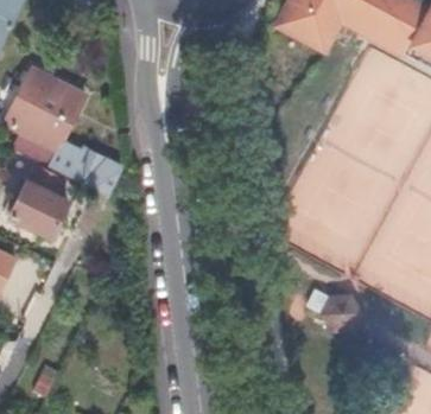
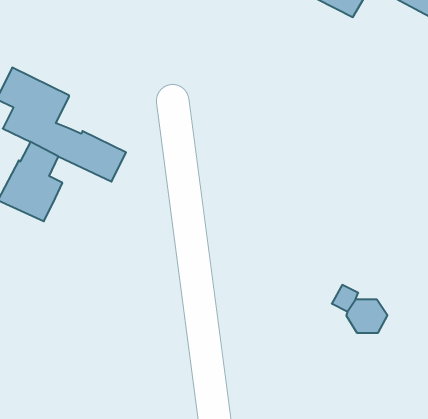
building: [20,66,85,120] -> none

